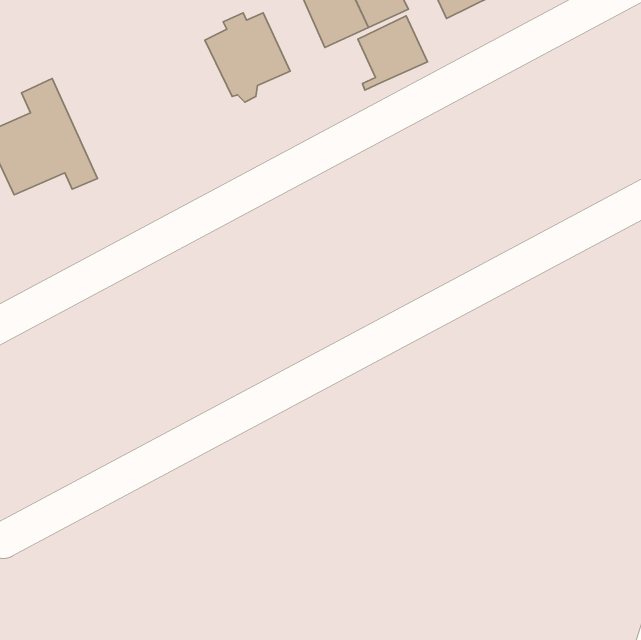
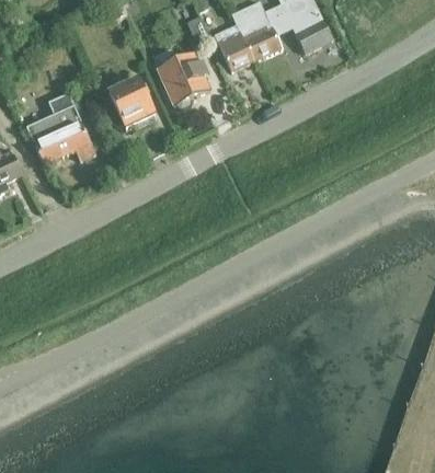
building: [358,16,427,90] -> none
building: none -> [110,77,156,125]

